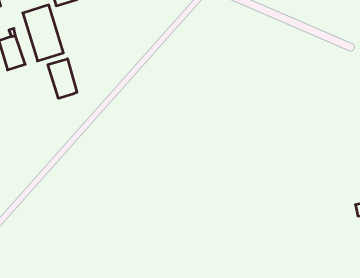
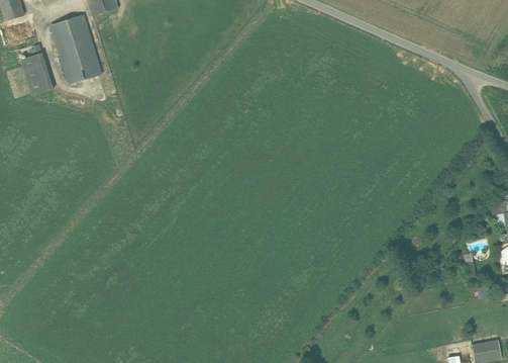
building: [48,59,77,98] -> none

